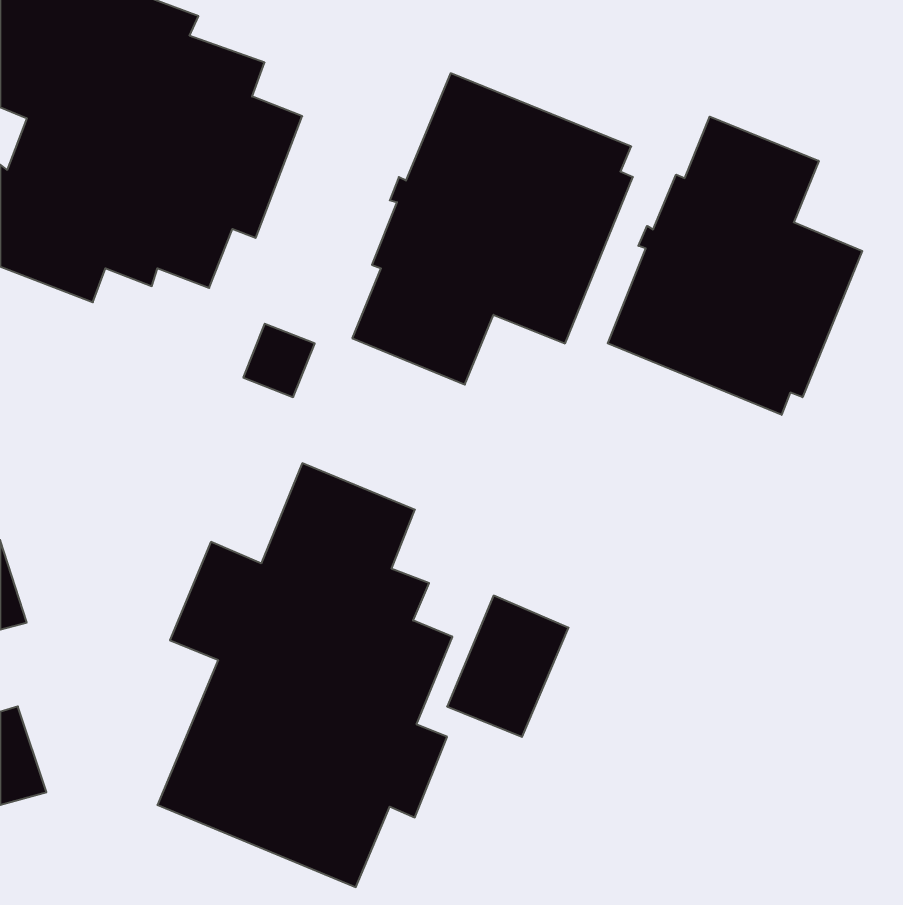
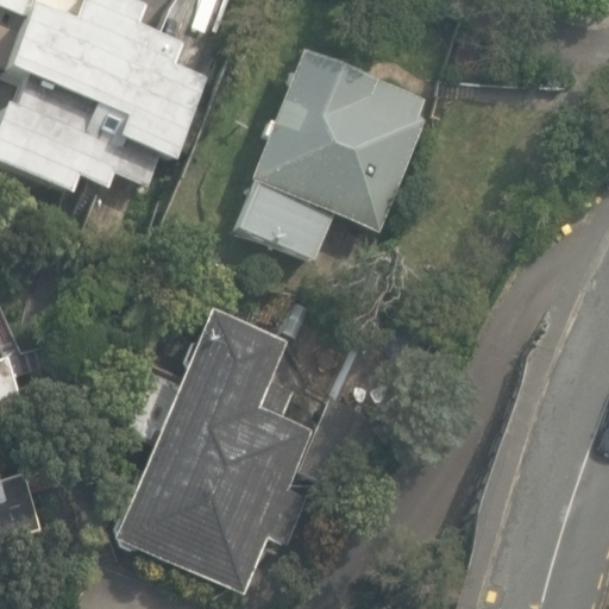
building: [608,117,862,415] -> none

